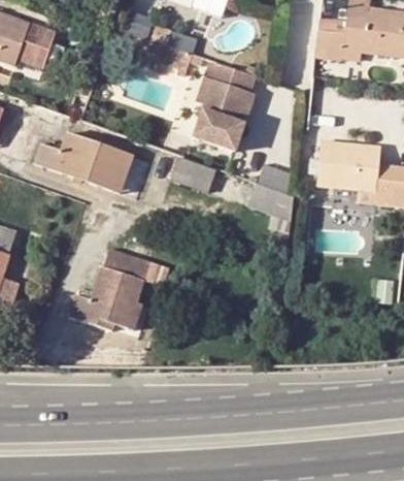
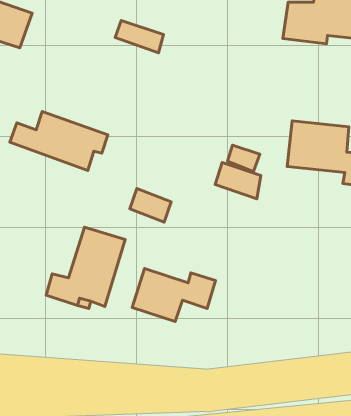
building: [196,62,259,154] -> none
building: [173,159,215,193] -> [130,189,171,222]
building: none -> [132,268,216,322]

